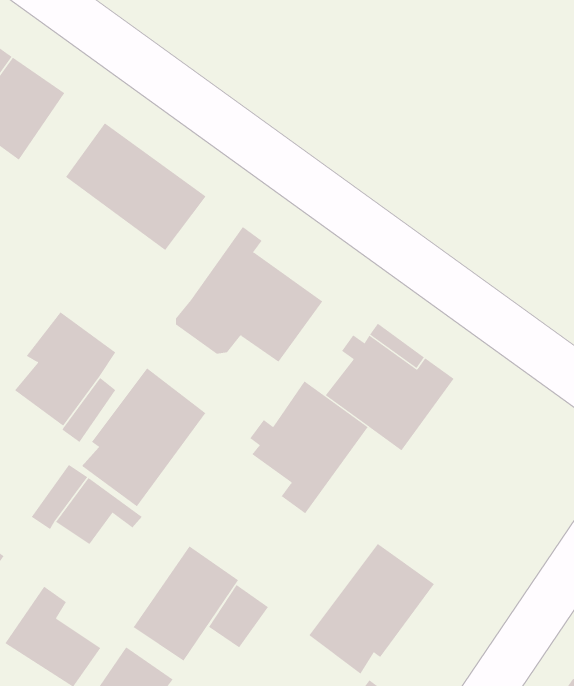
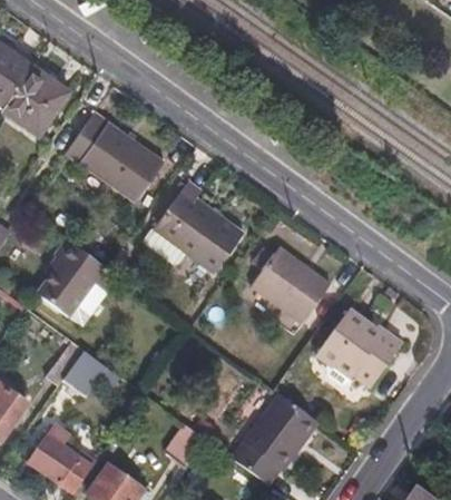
building: [81,368,206,507] -> none
building: [249,381,368,514] -> none
building: none -> [316,312,402,388]
building: [133,546,239,661] -> none

